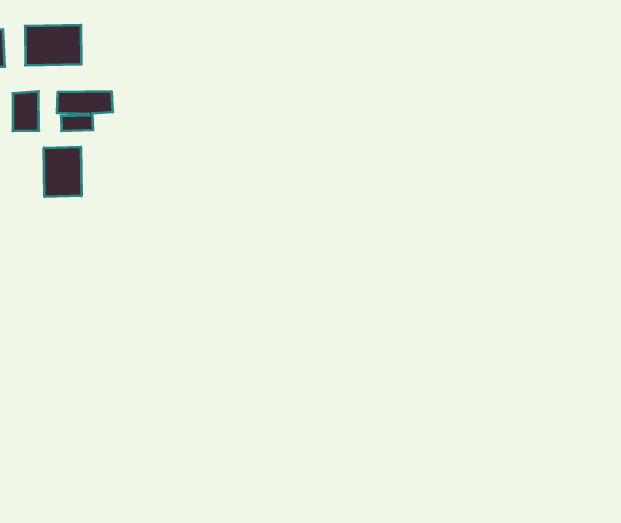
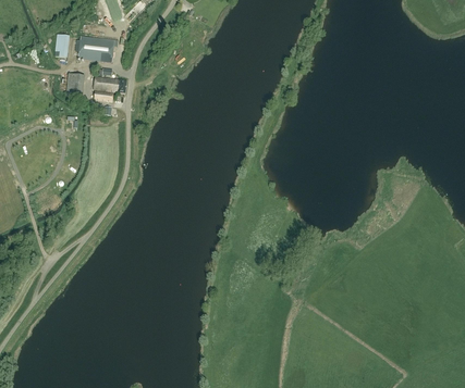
building: [44,147,81,197] -> none

